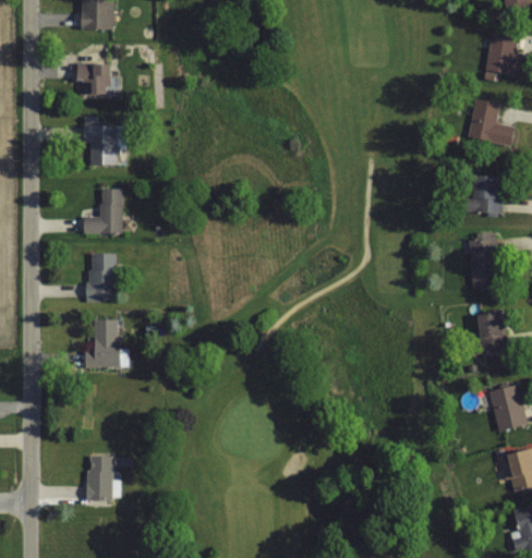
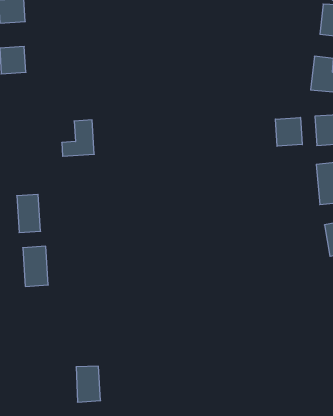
building: [86,125,118,167] -> none
building: none -> [275,117,302,146]
building: [82,190,122,233] -> [62,120,94,156]
building: [86,456,116,500] -> [76,366,101,402]

